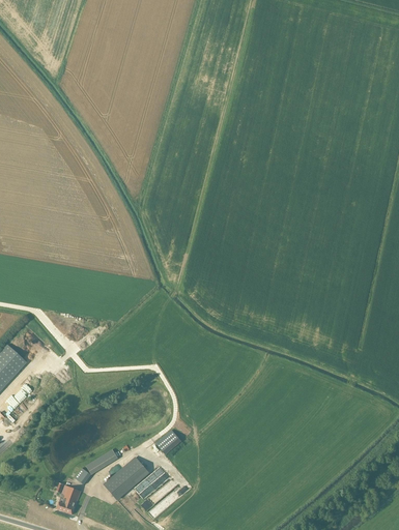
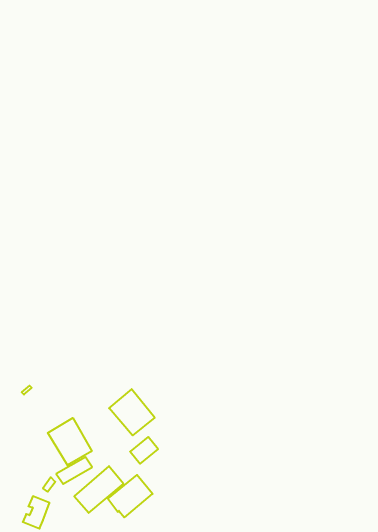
building: none -> [109,389,155,435]
building: none -> [48,418,92,465]

